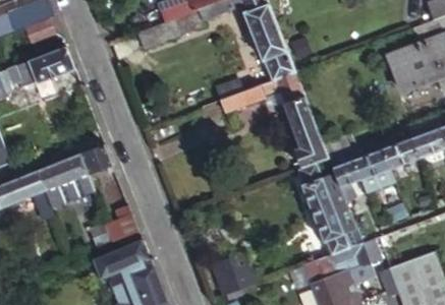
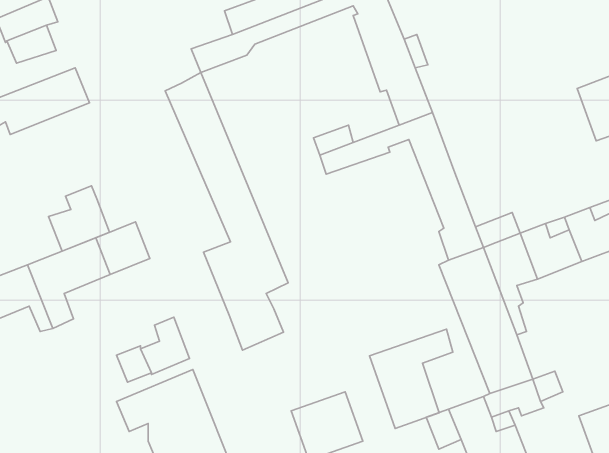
building: none -> [165,73,288,350]
building: none -> [48,186,110,251]
building: none -> [370,329,453,428]

